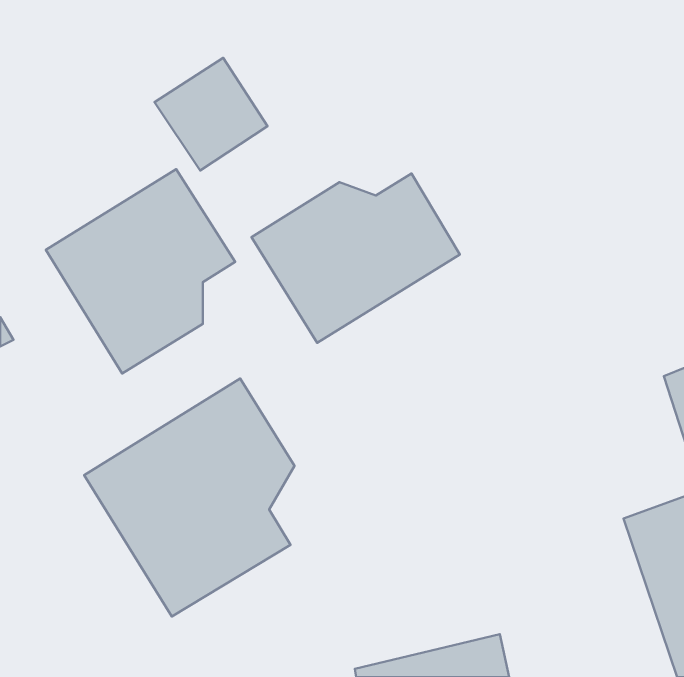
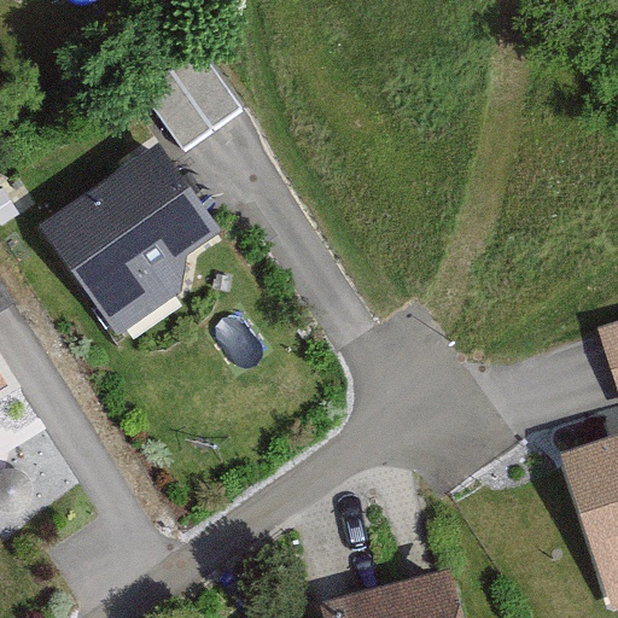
building: [251,174,460,343] -> none
building: [84,379,295,616] -> none

